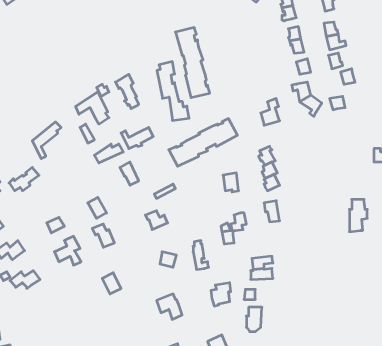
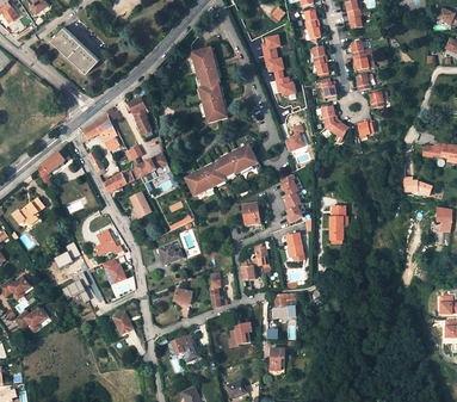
building: none -> [53,26,99,70]
building: [157,62,189,120] -> [260,33,295,97]
building: [349,199,367,232] -> [329,205,348,240]

